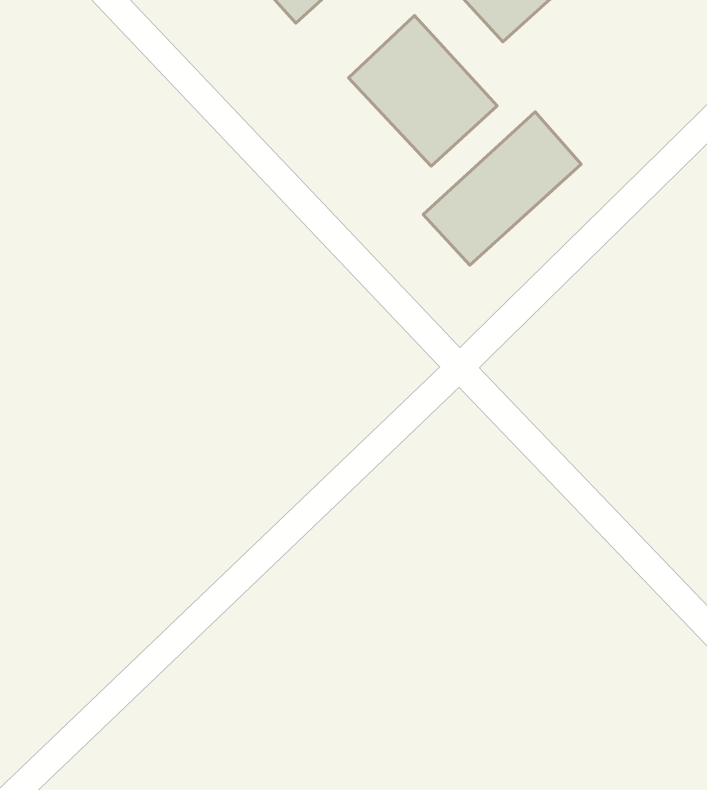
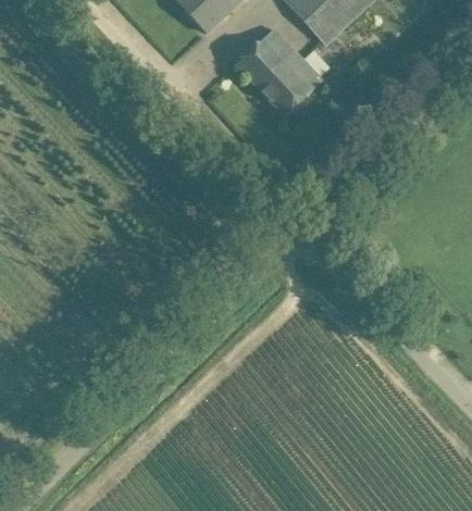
building: [423,112,581,265] -> none

